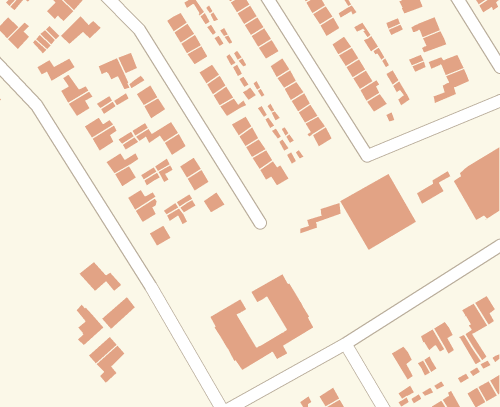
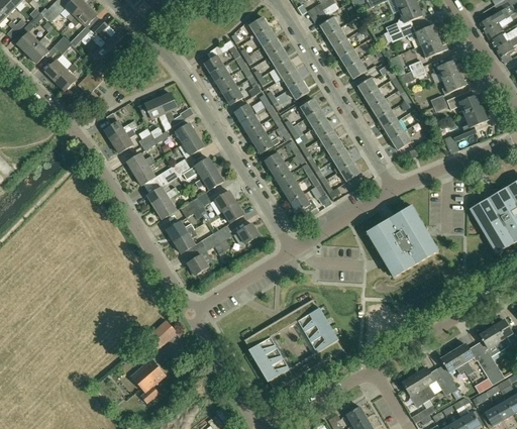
building: [60,15,101,45] -> none
building: [36,58,75,82] -> none
building: [416,170,451,205] -> none
building: [300,202,341,234] -> none
building: [78,261,122,292] -> none
building: [76,304,104,346] -> none
building: none -> [401,373,428,406]

